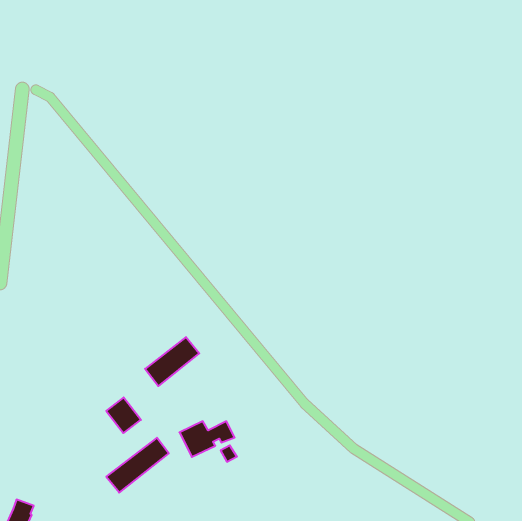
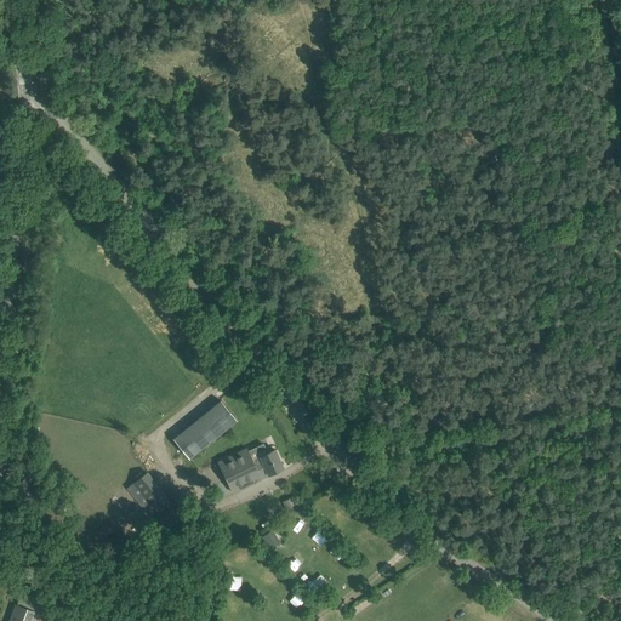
building: [179,421,235,457] -> [218,450,284,492]
building: [106,438,169,493] -> none

